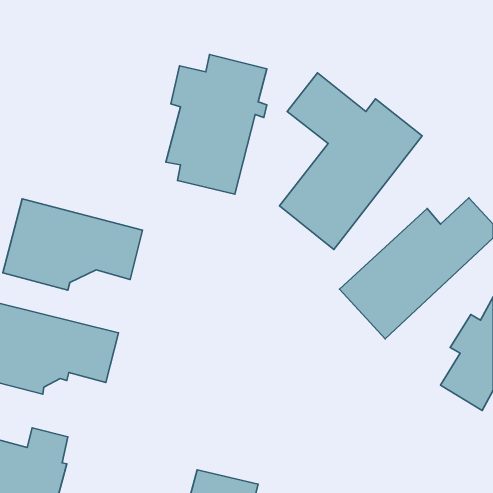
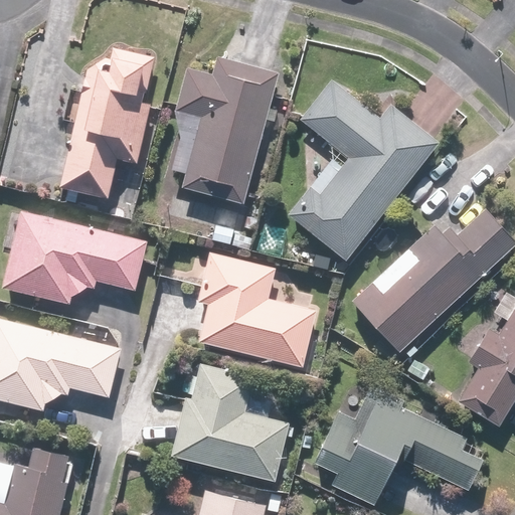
building: none -> [61,50,154,198]
building: none -> [196,251,318,369]
building: none -> [171,362,292,481]
building: none -> [313,390,484,508]

